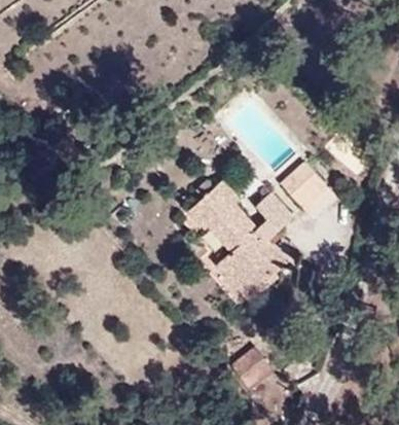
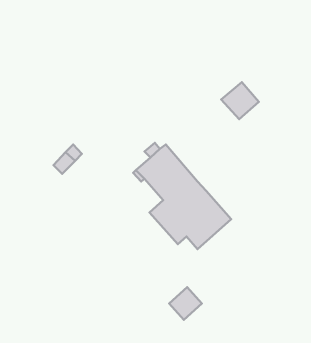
building: [282,164,327,208] -> [221,82,259,119]
building: [256,191,293,236] -> none

